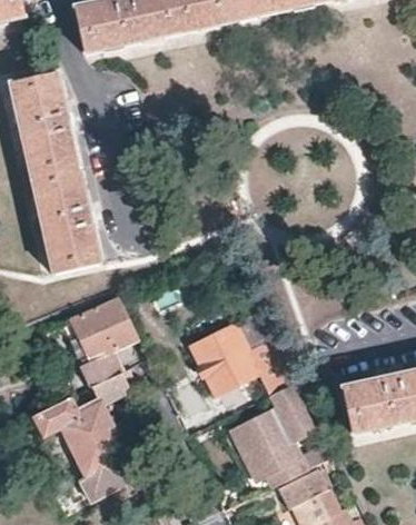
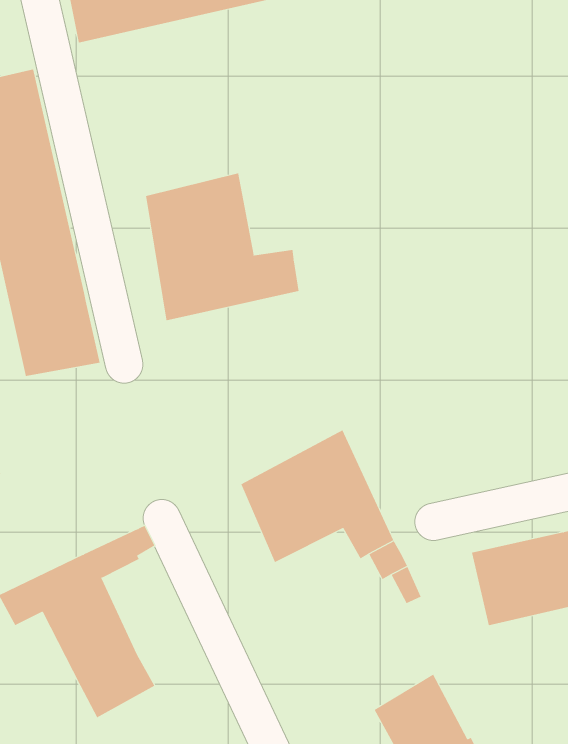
building: none -> [146,173,299,321]
building: [73,297,139,388] -> none
building: [235,405,327,479] -> none

